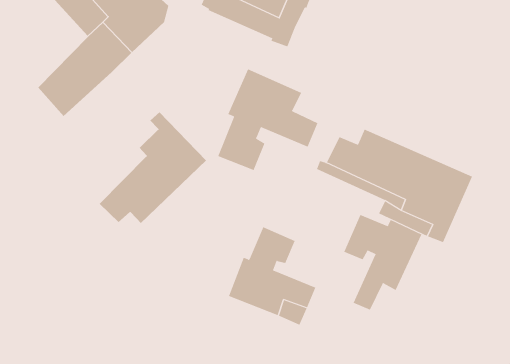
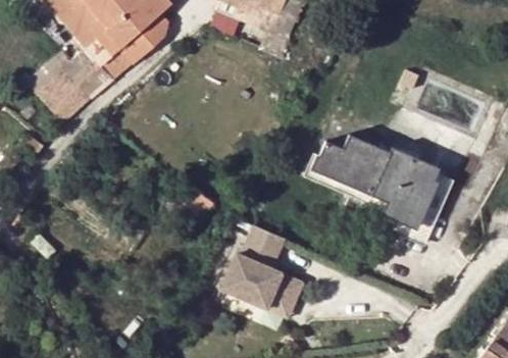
building: [218,69,318,171] -> none
building: [99,111,207,224] -> none
building: [343,214,422,311] -> none

